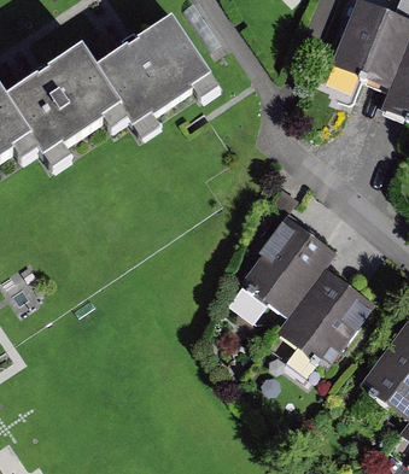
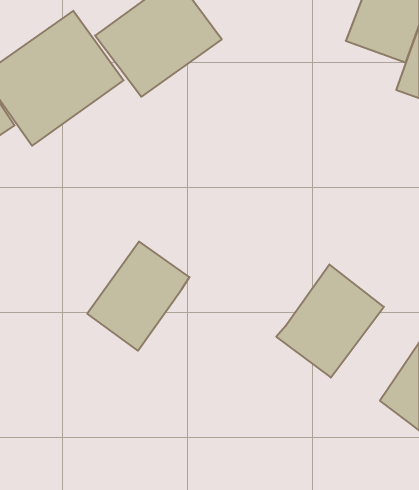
building: [240,217,331,314] -> [87,242,190,351]

